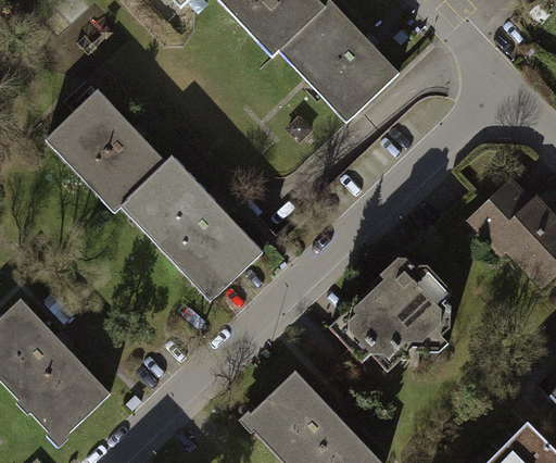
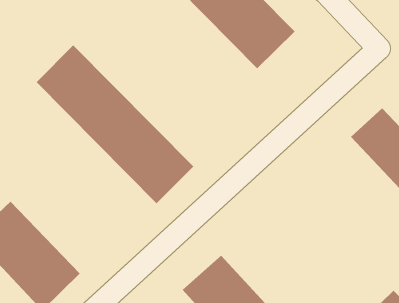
building: [328,260,451,374] -> none

